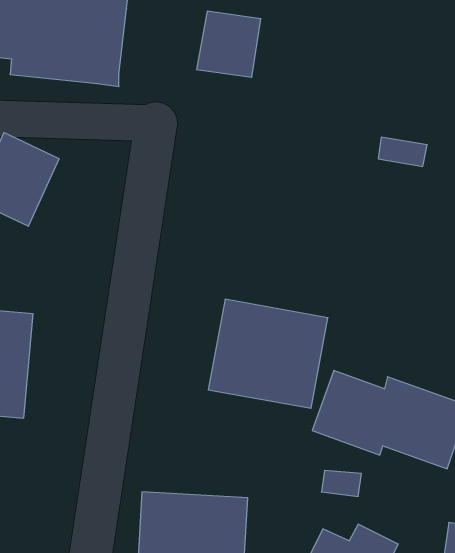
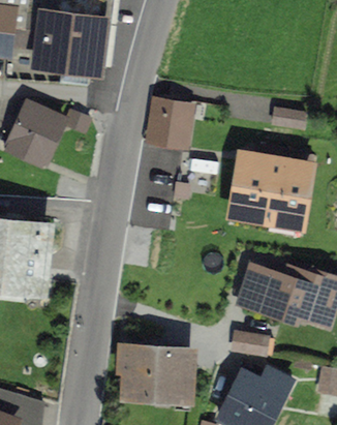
building: [197,11,261,77] -> [147,100,190,145]
building: [208,299,328,408] -> [228,154,309,227]

